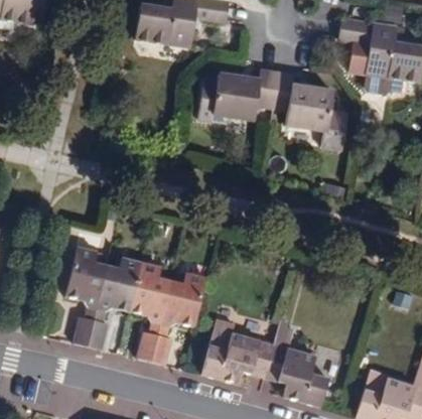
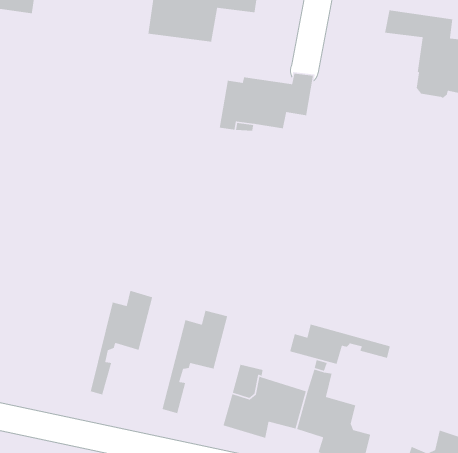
building: [273,73,349,151] -> none
building: [63,246,106,344] -> none
building: [129,263,168,360] -> none
building: none -> [289,324,391,365]

